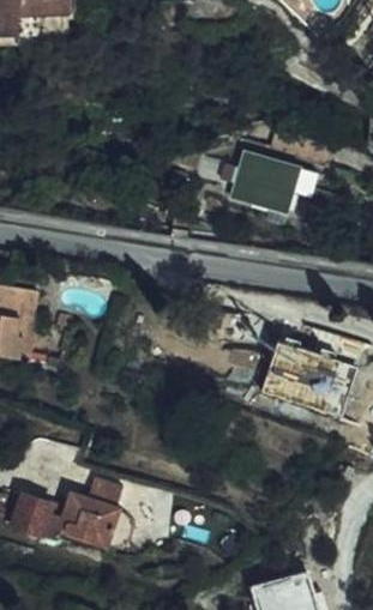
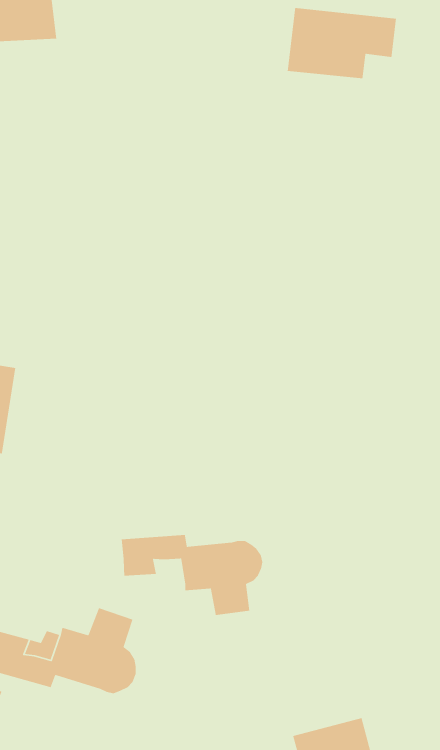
building: [227,151,313,207] -> [287,7,397,79]
building: none -> [121,534,263,616]

